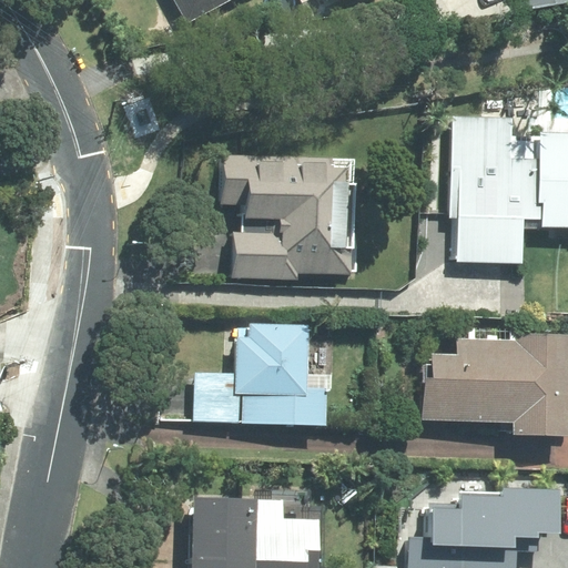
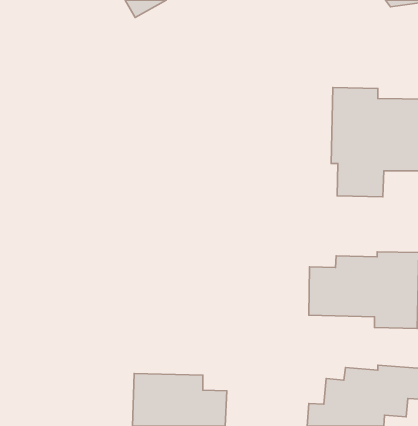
building: [223,155,351,281] -> none
building: [195,324,324,426] -> none

